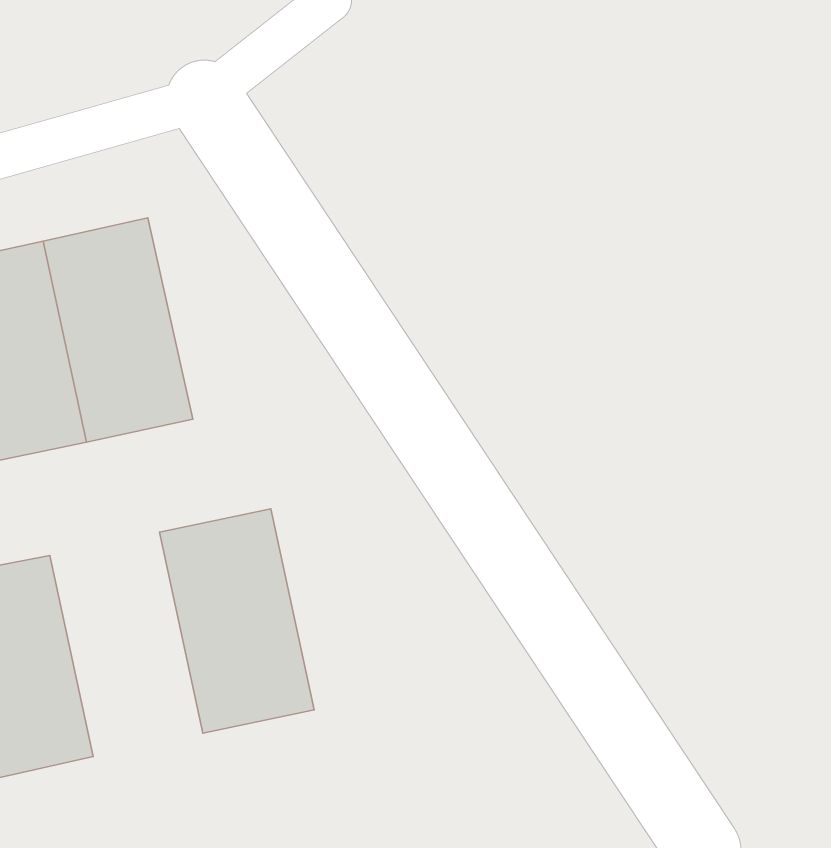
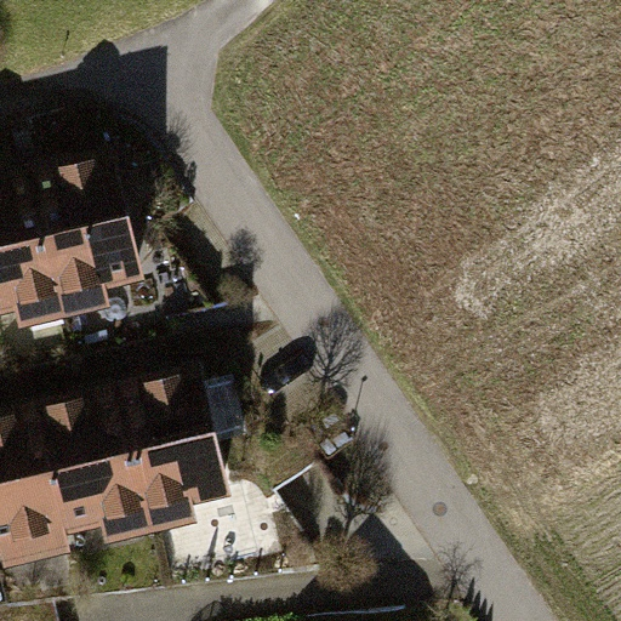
building: none -> [36,389,148,553]

